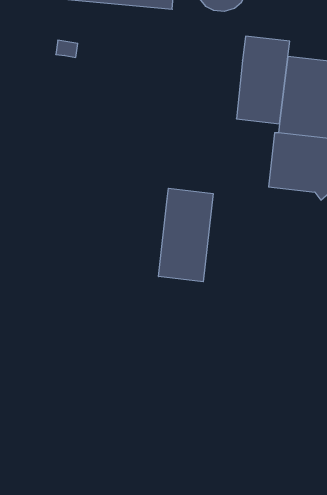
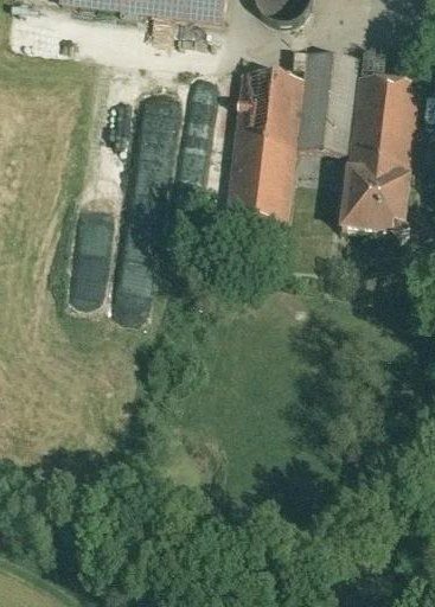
building: none -> [228,69,305,213]
building: [159,188,213,282] -> none

